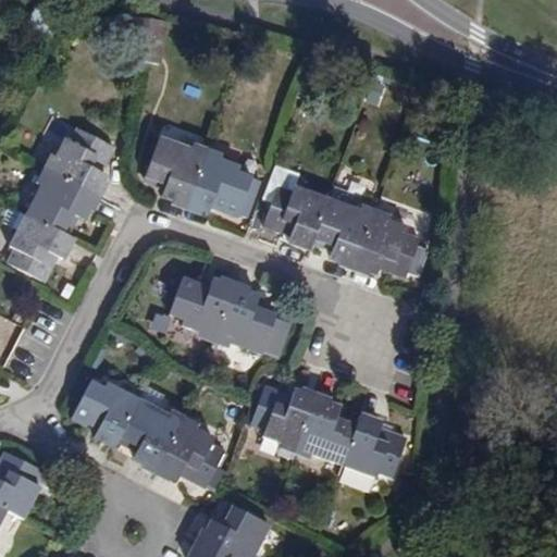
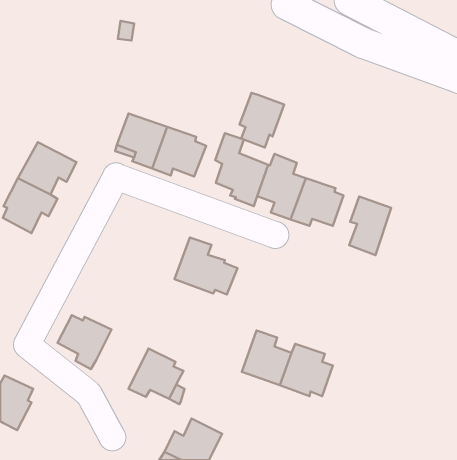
building: none -> [239,93,284,147]
building: [49,129,111,196] -> none
building: none -> [349,196,391,255]
building: [170,278,233,337] -> none
building: [250,389,313,449] -> none
building: [120,398,183,470] -> none

